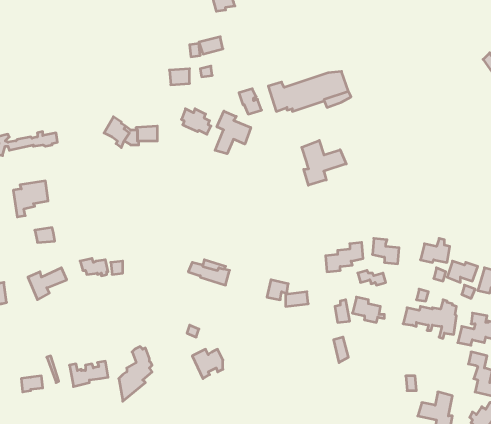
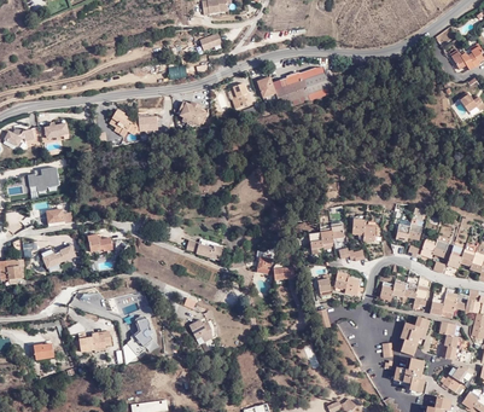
building: [215,111,251,154] -> none
building: [302,140,346,185] -> none
building: none -> [401,317,430,355]

